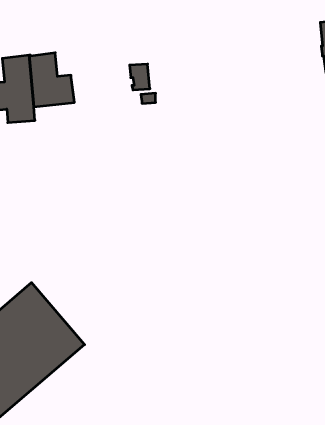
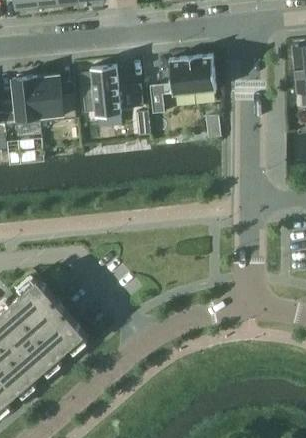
building: none -> [150,54,217,106]
building: none -> [84,64,122,116]

